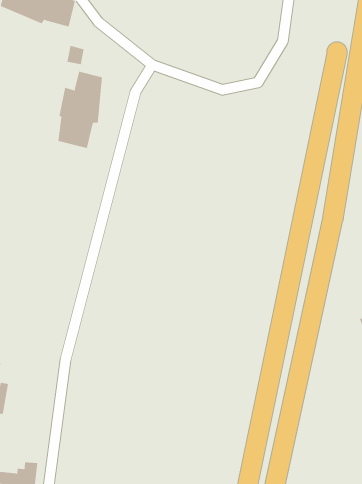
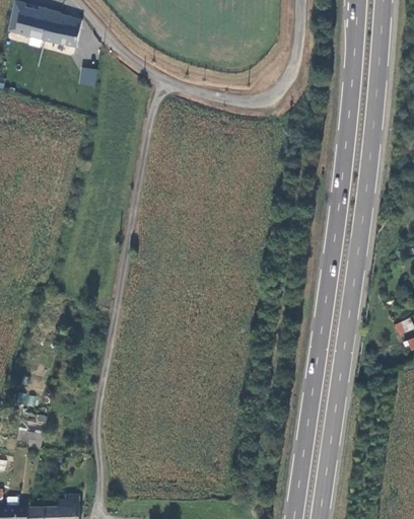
building: [58,71,103,149] -> none

